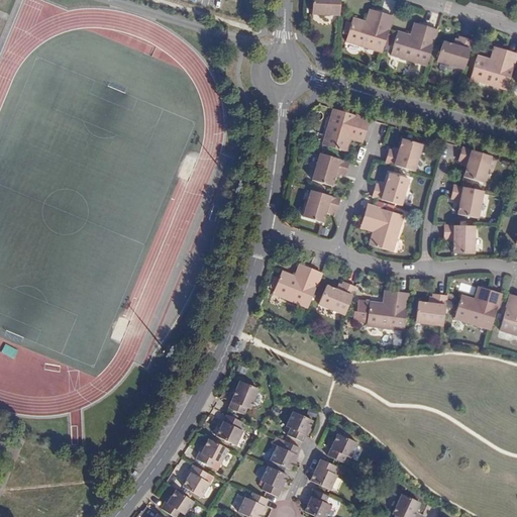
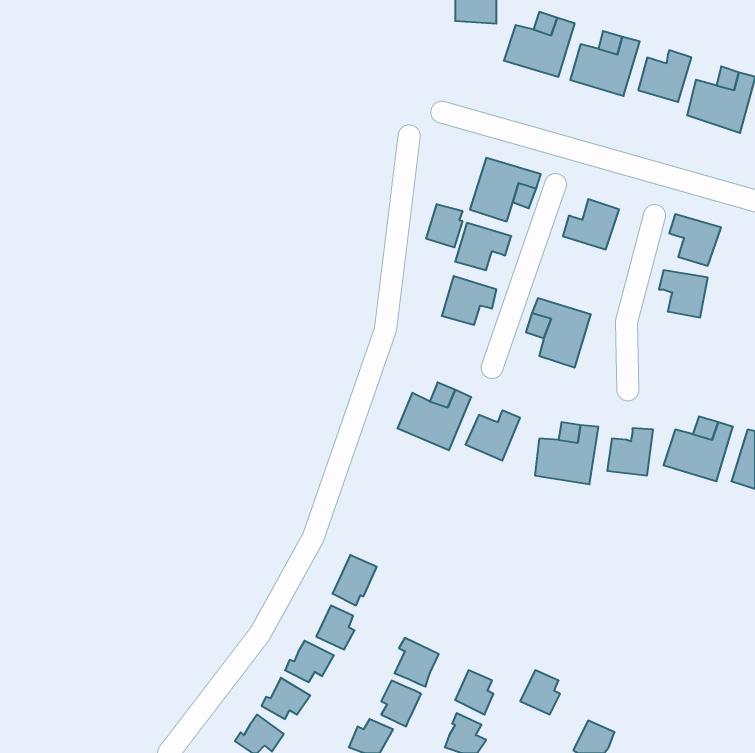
building: none -> [426,204,462,247]
building: [372,172,410,205] -> none
building: [444,224,475,252] -> none
building: [287,411,313,441] -> none
building: [328,433,355,463] -> [520,670,560,715]

